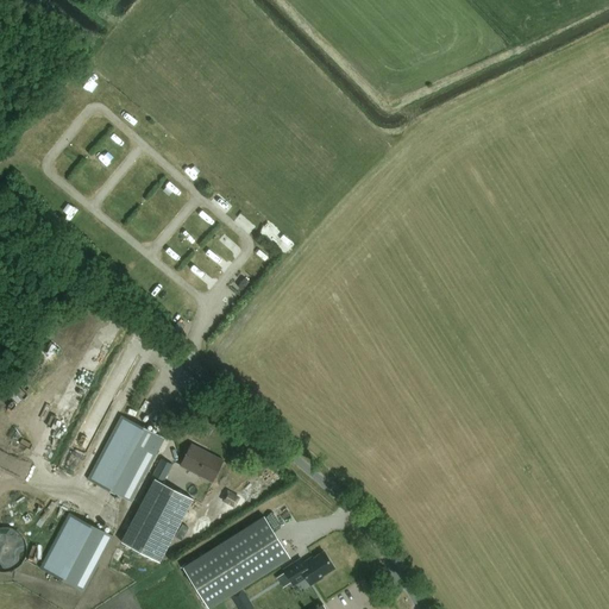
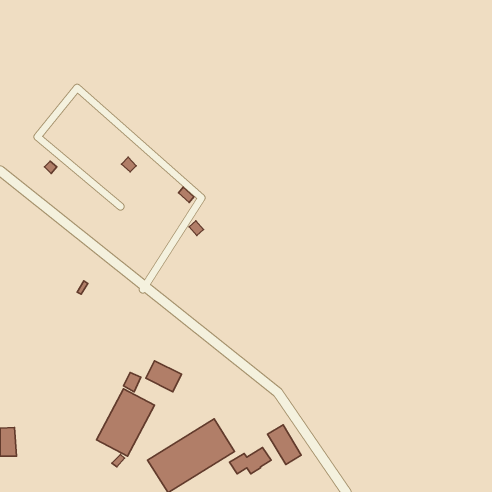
building: [89,416,167,502] -> none
building: [40,513,114,591] -> none
building: none -> [268,425,301,464]

